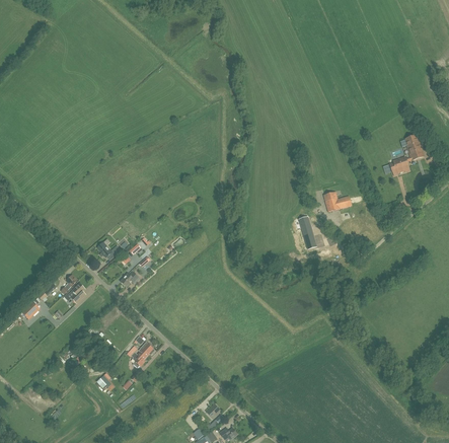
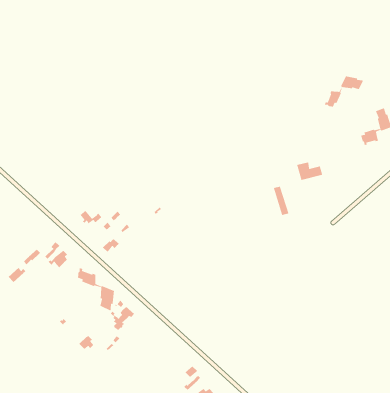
building: none -> [324,75,364,107]
building: none -> [77,267,115,312]

